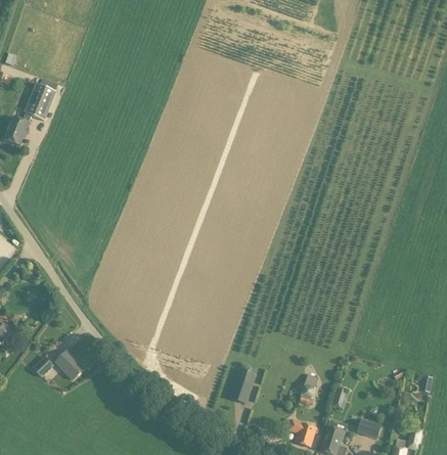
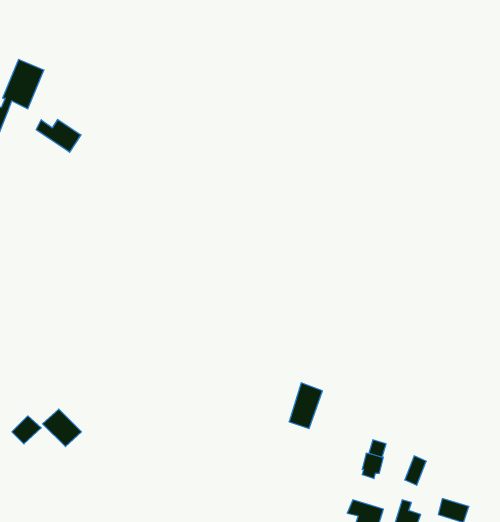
building: none -> [36,119,81,152]
building: [230,368,256,403] -> [289,383,322,428]

